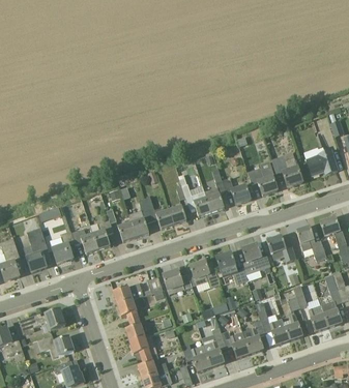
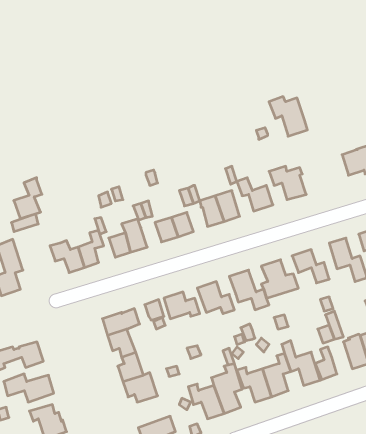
building: [270,155,301,187] -> [269,97,307,136]
building: [51,230,74,263] -> [14,178,42,219]
building: [137,353,167,379] -> none

